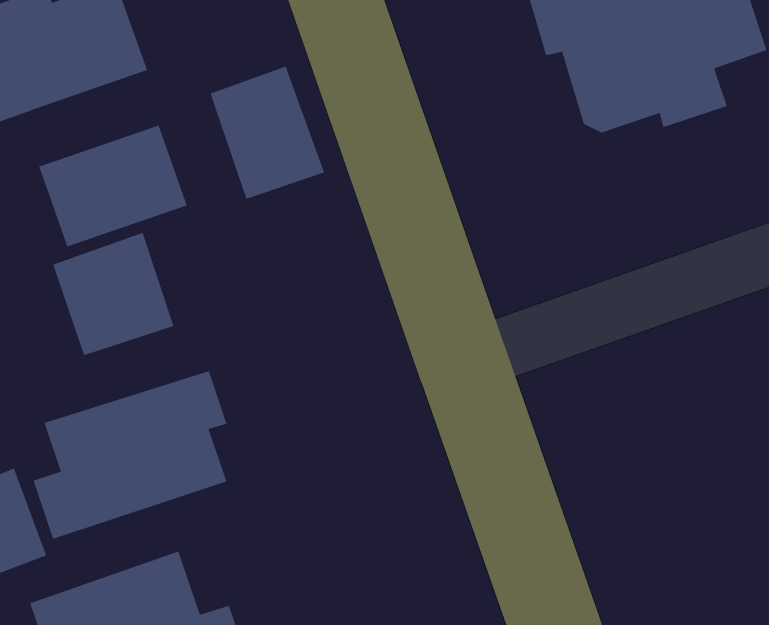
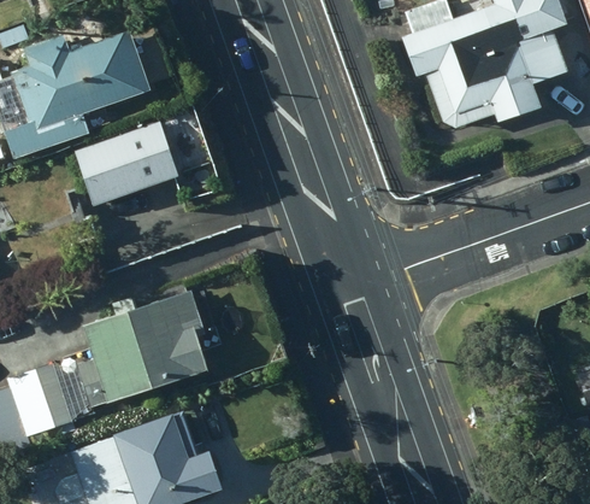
building: [209,65,325,200] -> none
building: [52,232,174,356] -> none

